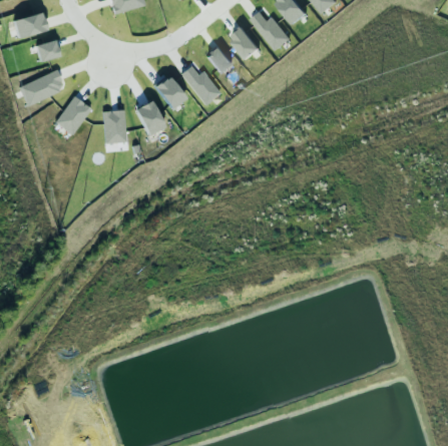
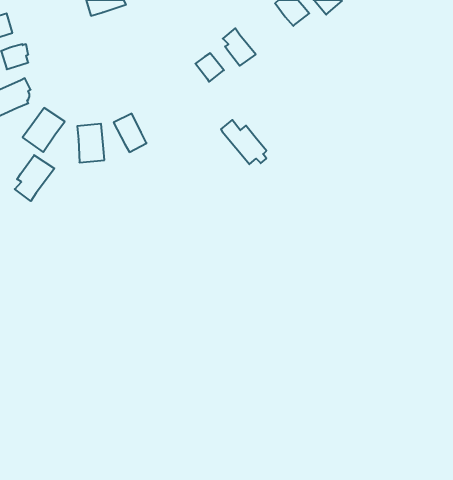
building: [251,12,290,50] -> none
building: [180,66,220,105] -> [221,120,266,164]
building: [153,78,185,109] -> none
building: none -> [15,155,54,201]

